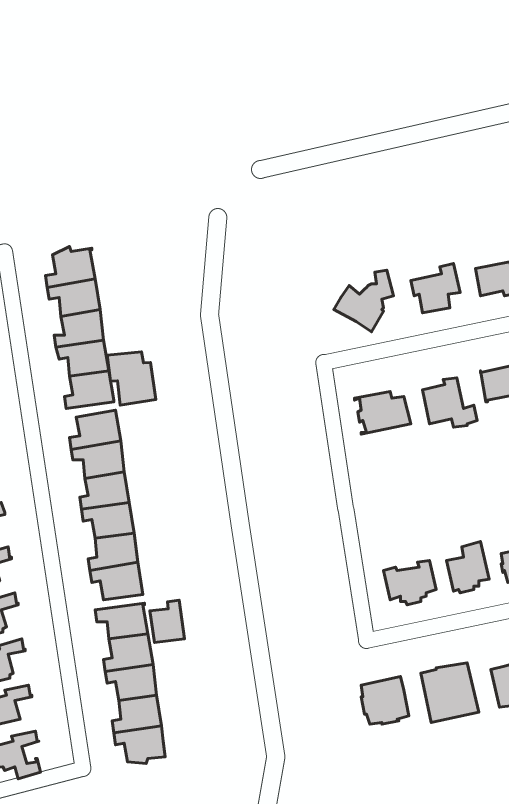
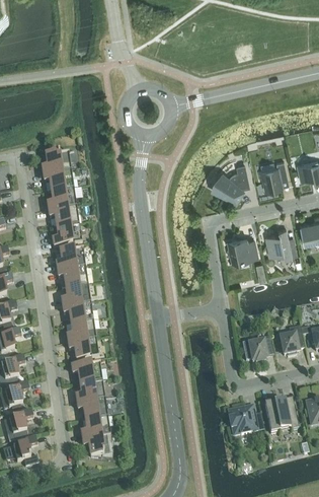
building: [107,352,156,405] -> none
building: [150,600,184,642] -> none

